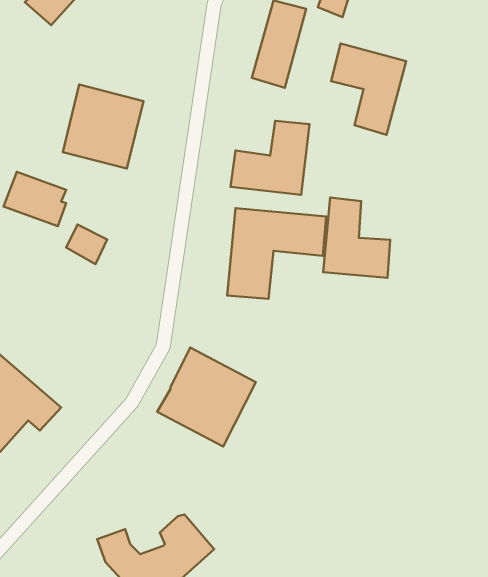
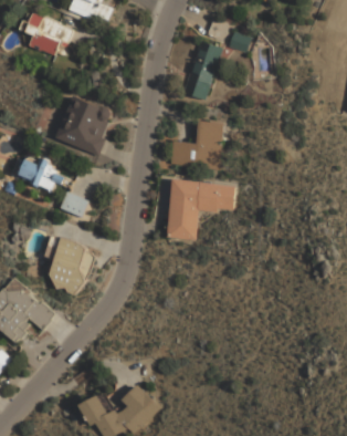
building: [331,44,406,135] -> none
building: [323,198,390,278] -> none
building: [157,348,256,446] -> [32,230,98,297]

